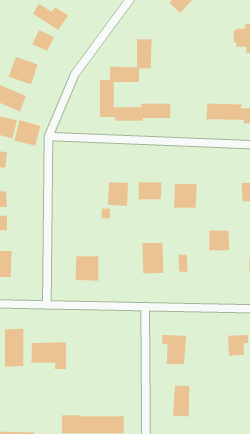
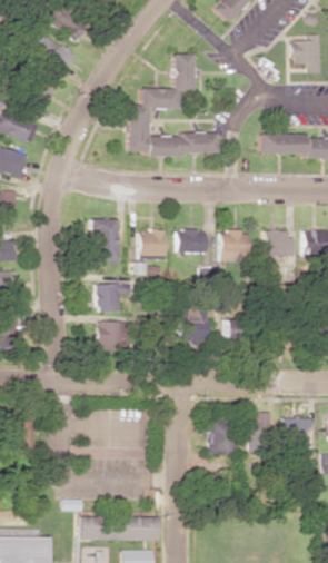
building: [14,119,41,146] -> none
building: none -> [90,218,117,261]
building: none -> [97,283,131,312]
building: [209,230,230,251] -> [266,230,292,256]
building: [31,341,66,370] -> none
building: [172,385,190,417] -> [248,412,270,451]

